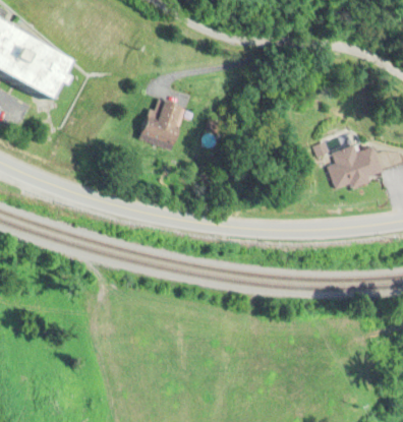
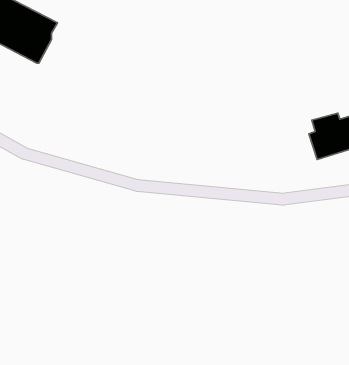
building: [139,101,187,152] -> none

